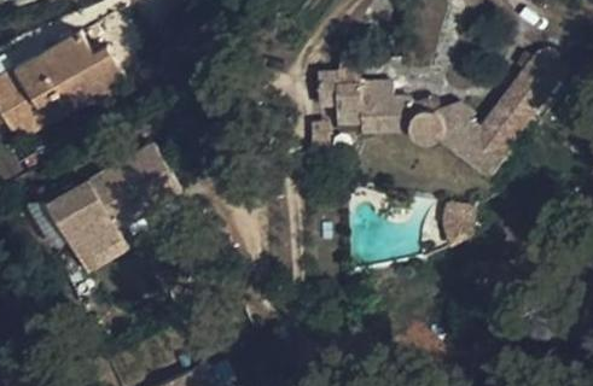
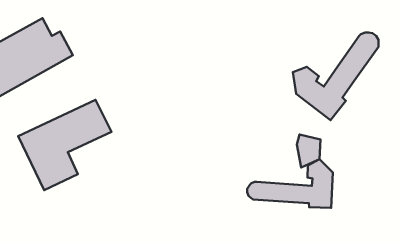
building: [319,46,442,141] -> none
building: none -> [247,159,333,208]

